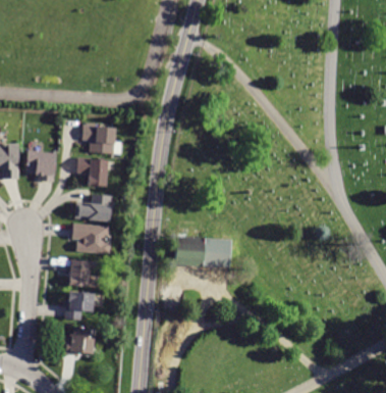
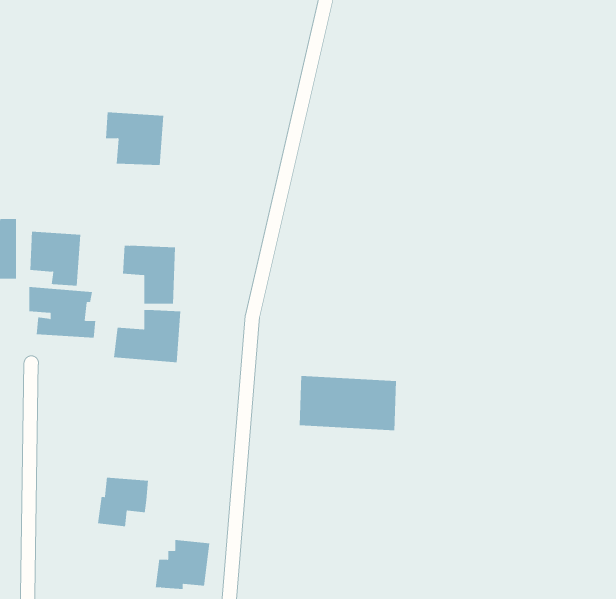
building: [82,126,116,156] -> [105,112,164,165]
building: [72,223,111,252] -> [29,287,96,338]
building: [70,260,91,289] -> none
building: [62,326,94,354] -> [155,540,210,590]

